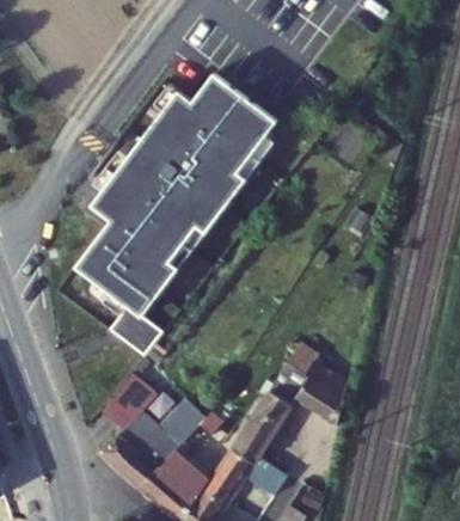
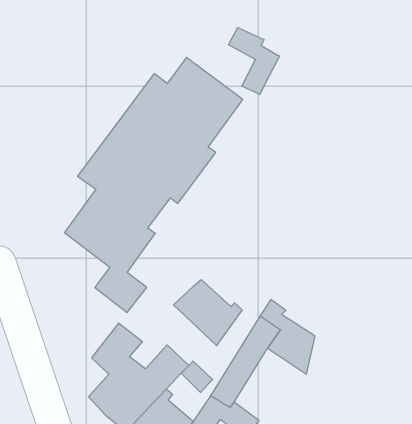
building: none -> [228,28,279,94]
building: none -> [174,280,242,346]

